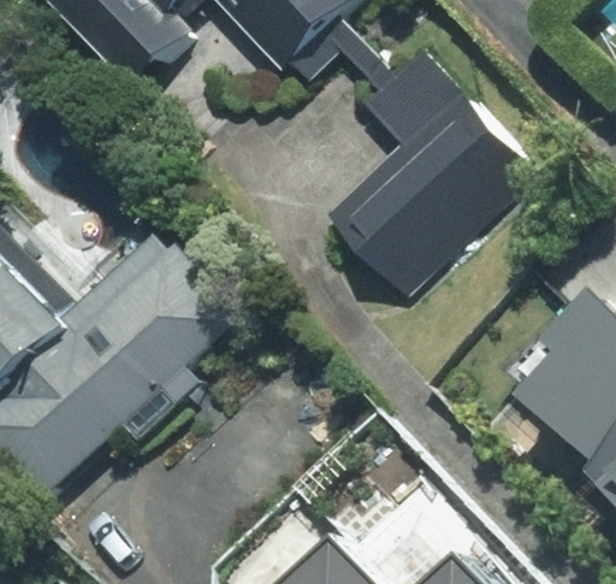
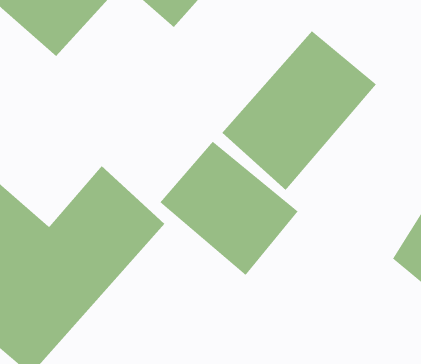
building: none -> [159,141,298,276]

